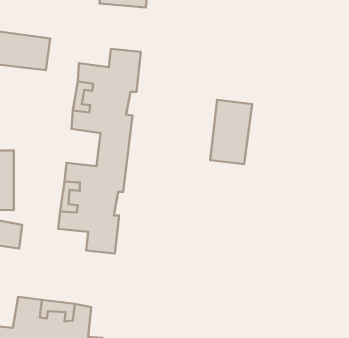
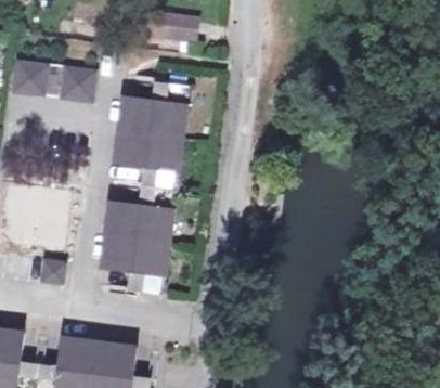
building: [210,100,252,164] -> none

